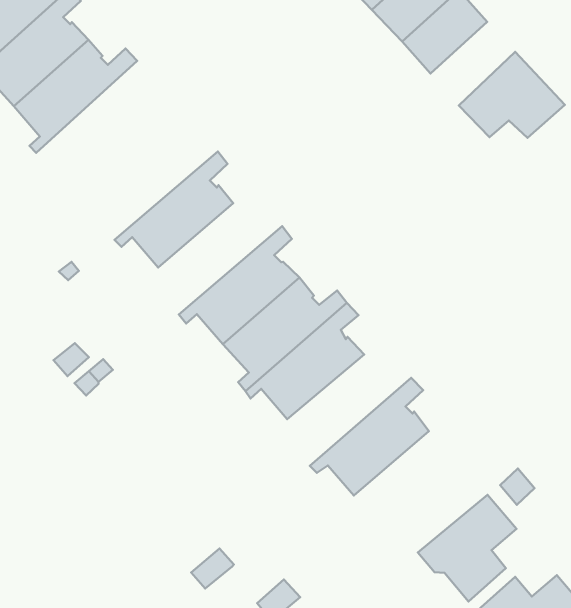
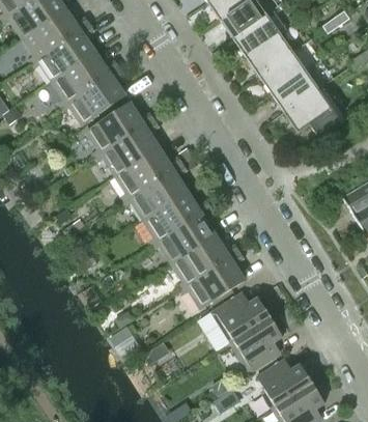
building: none -> [272,65,324,112]
building: none -> [61,65,126,123]
building: none -> [87,102,155,157]
building: none -> [116,146,183,200]
building: none -> [172,234,239,288]
building: none -> [211,294,271,341]

